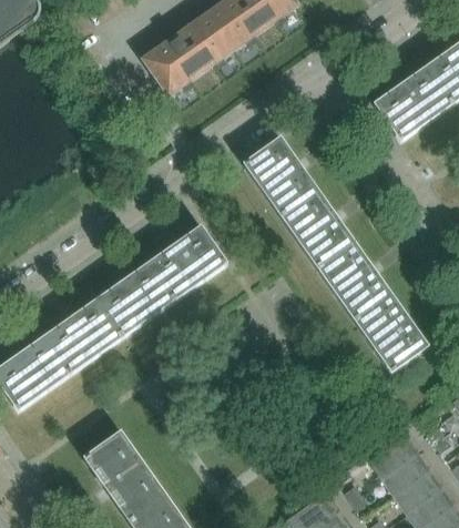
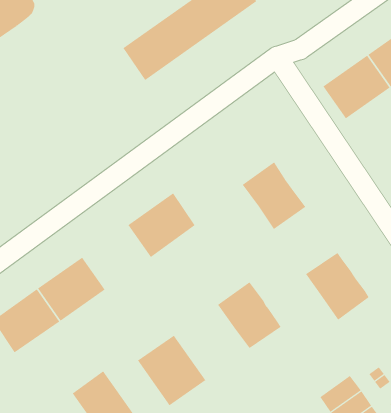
building: [242,136,317,215] -> none
building: [316,241,390,318] -> [217,282,282,349]
building: [95,262,174,336] -> none
building: none -> [137,335,206,406]

